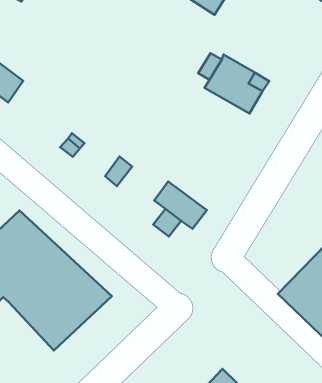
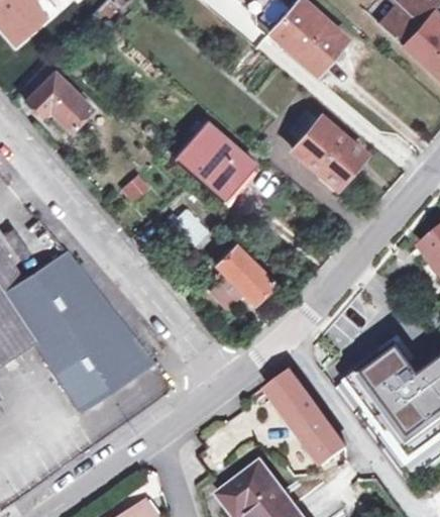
building: none -> [180,123,255,197]
building: none -> [266,373,346,466]

